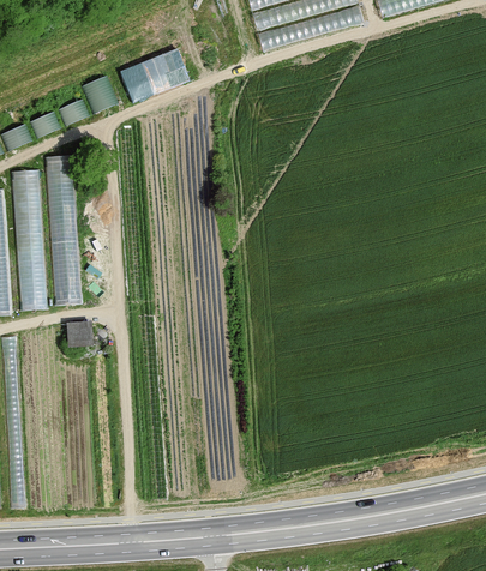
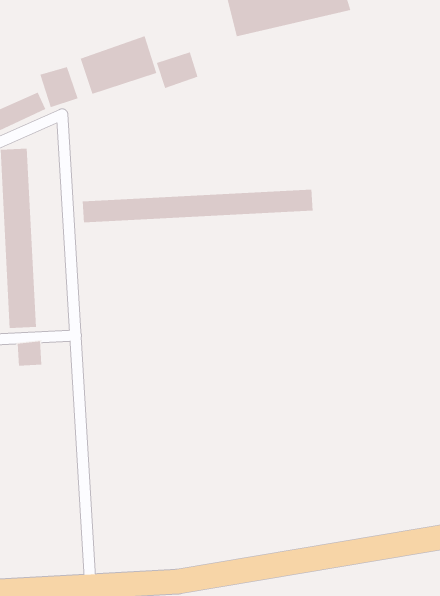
building: none -> [156,52,198,89]
building: none -> [82,189,313,223]

